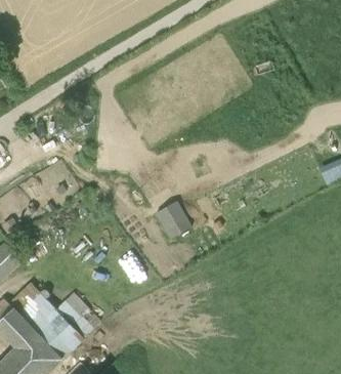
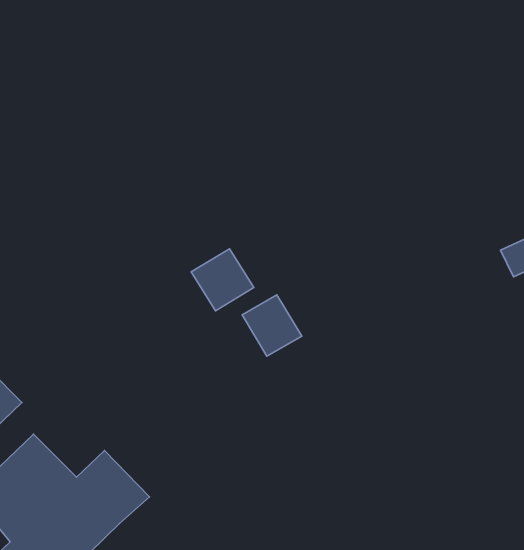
building: none -> [191,249,254,311]

